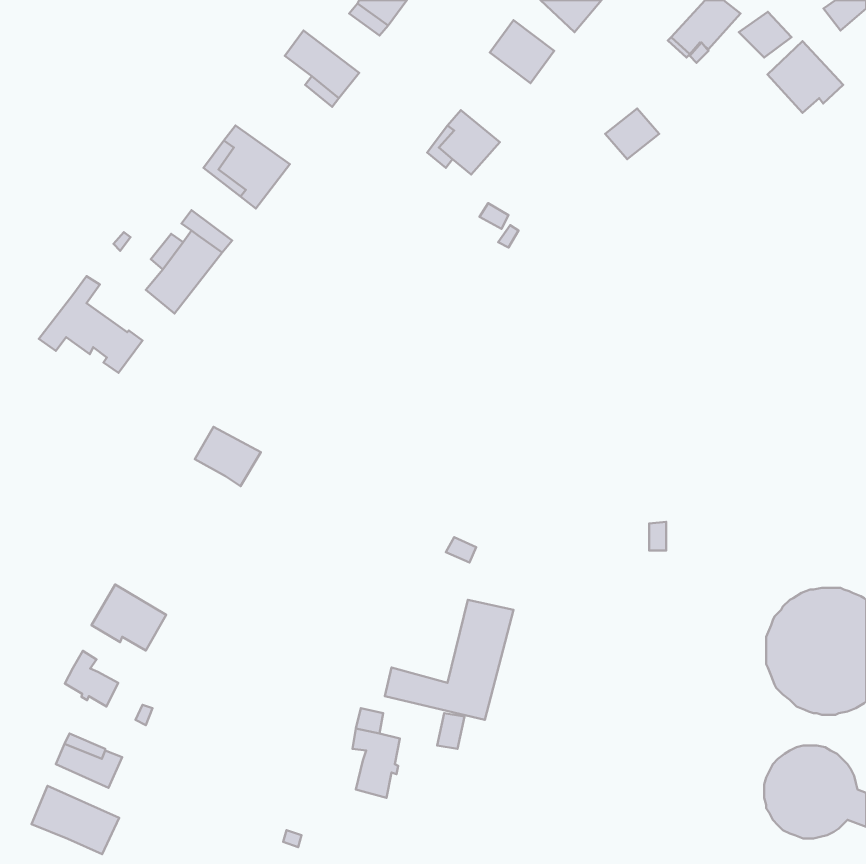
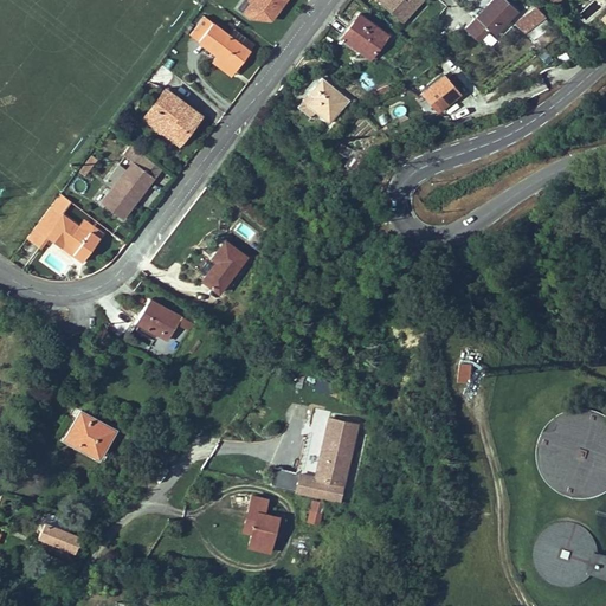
building: [767,41,843,113] -> none
building: none -> [204,241,246,294]
building: [65,651,118,706] -> none
building: [31,786,119,854] -> none

